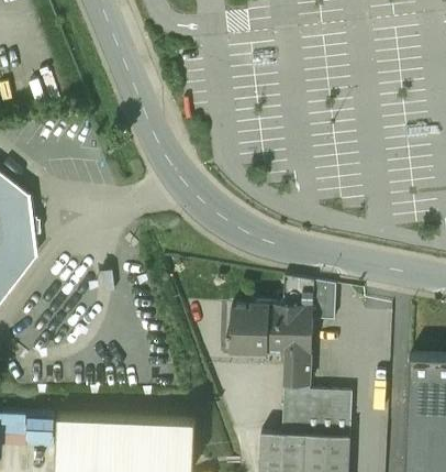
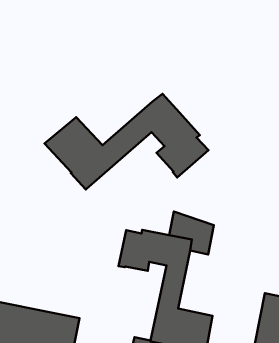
building: none -> [44,94,208,190]

